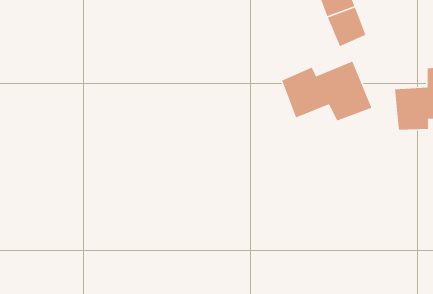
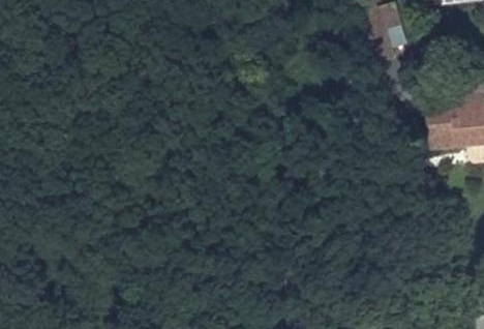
building: [281,60,372,122] -> none

